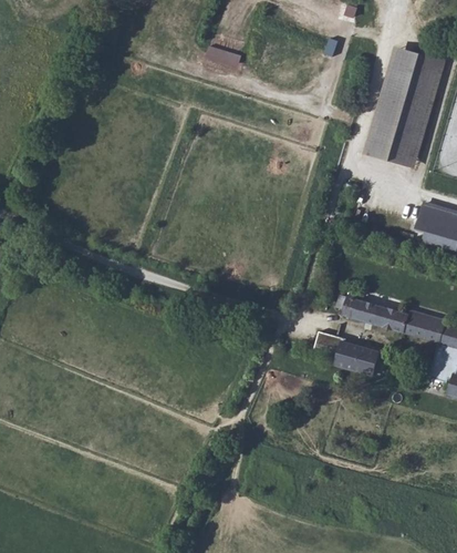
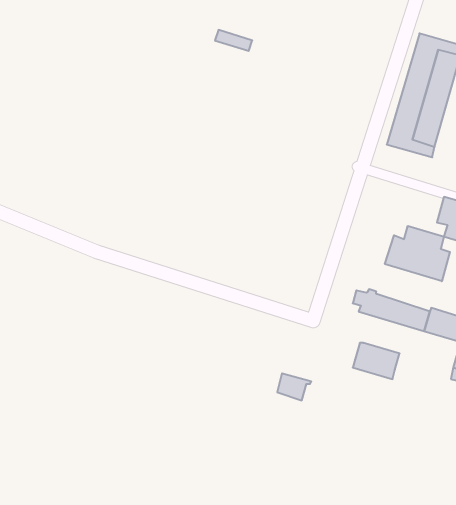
building: none -> [385,226,450,281]
building: [314,332,346,358] -> [277,373,311,400]

